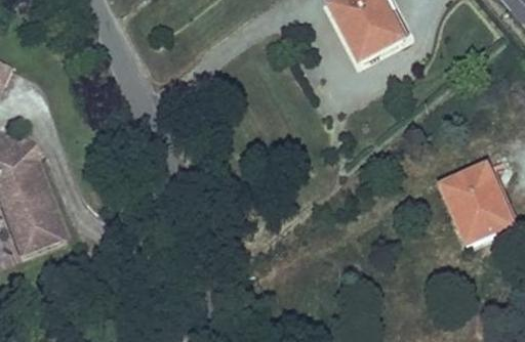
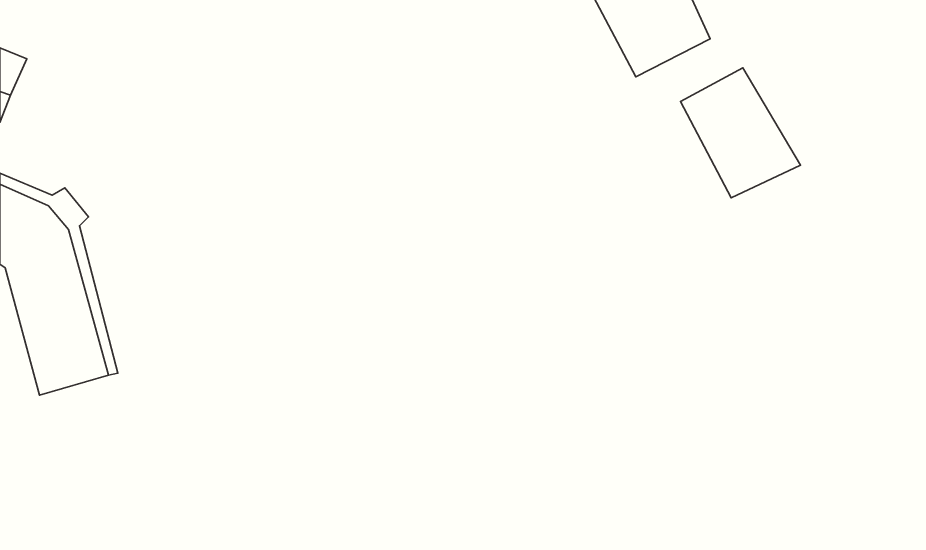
building: none -> [681,68,800,198]
building: [441,170,514,250] -> none

